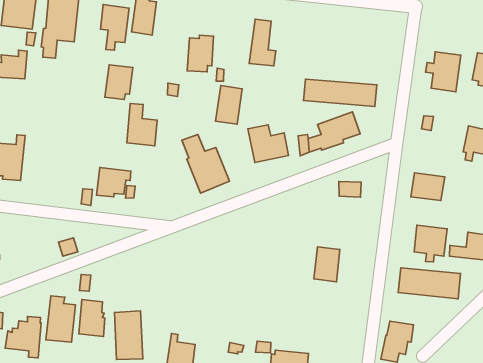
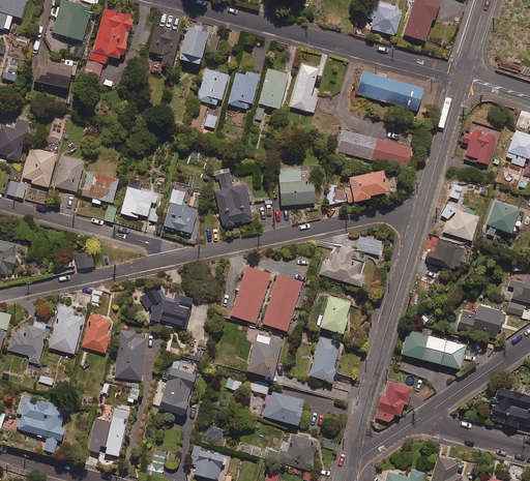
building: none -> [357,72,423,110]
building: [105,65,133,99] -> [197,68,229,104]
building: [216,86,242,124] -> [258,68,289,109]
building: [127,103,157,146] -> [164,188,197,234]
building: none -> [443,210,479,241]
building: none -> [55,155,84,191]
building: none -> [81,171,118,205]
building: none -> [319,245,364,287]
building: [414,225,447,262] -> none
building: none -> [231,266,271,323]
building: none -> [262,274,302,331]
building: none -> [141,287,193,331]
building: none -> [308,338,341,383]
building: none -> [246,334,283,378]

